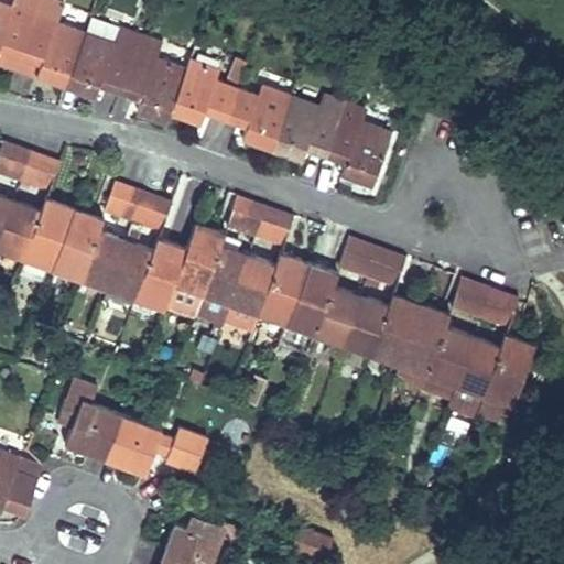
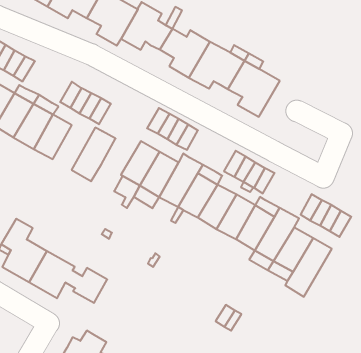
building: [173,223,225,295] -> none
building: [107,240,152,300] -> none
building: [476,334,534,424] -> none

